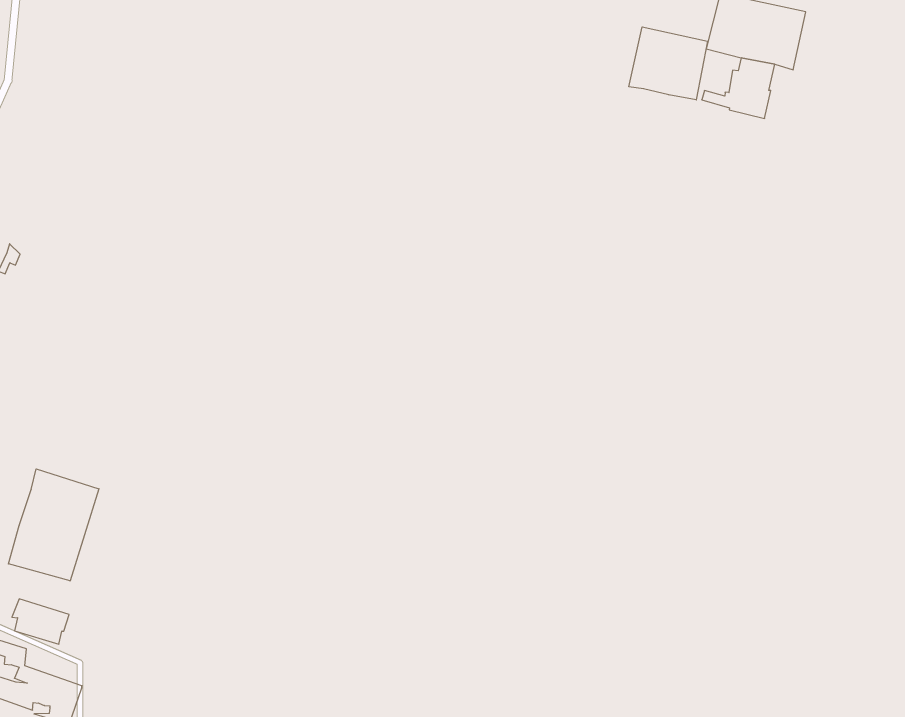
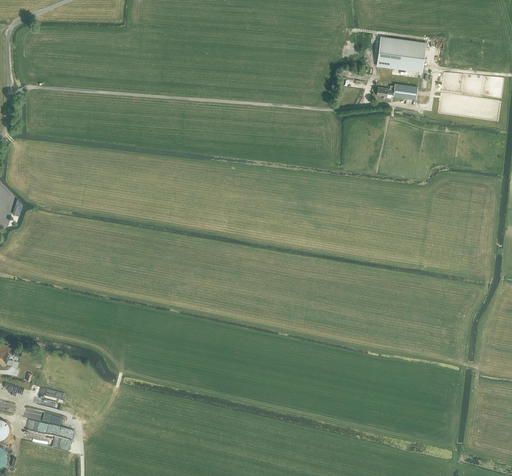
building: [629,27,708,100] -> none
building: [8,469,99,581] -> none

